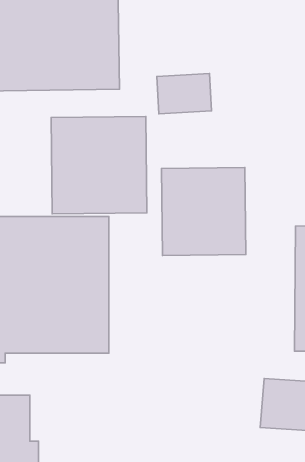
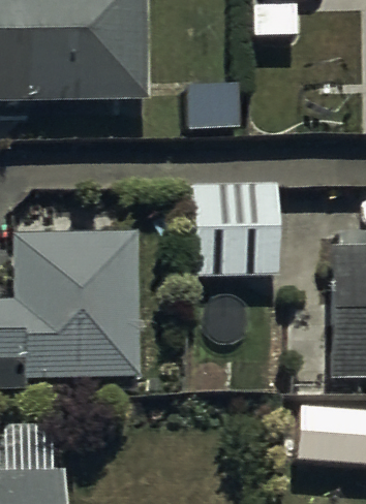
building: [51,117,147,214] -> none

